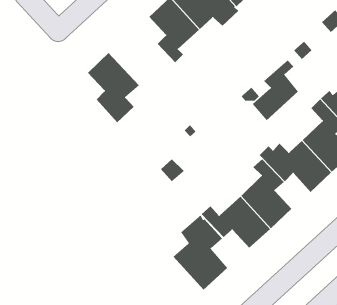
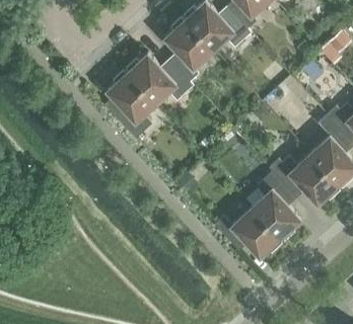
building: none -> [127,54,193,103]
building: [252,59,299,121] -> none
building: [173,214,228,291] -> none

